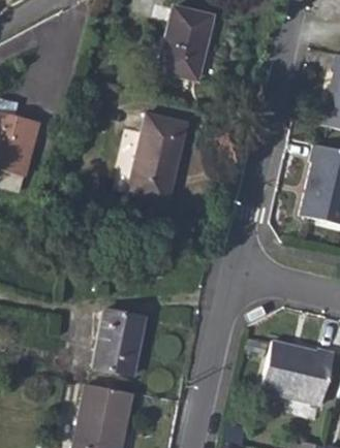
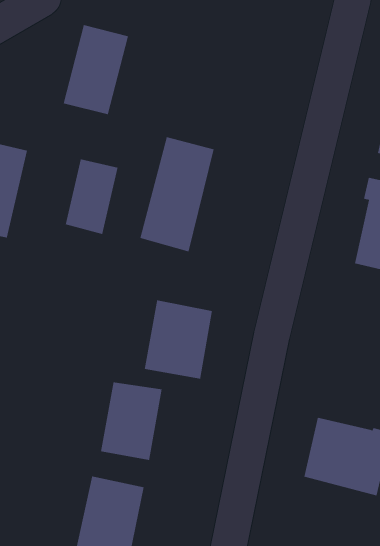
building: [160,6,214,79] -> [63,25,129,115]
building: none -> [65,159,118,235]
building: none -> [144,299,213,380]

